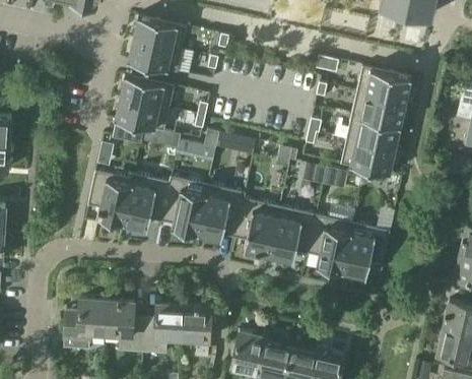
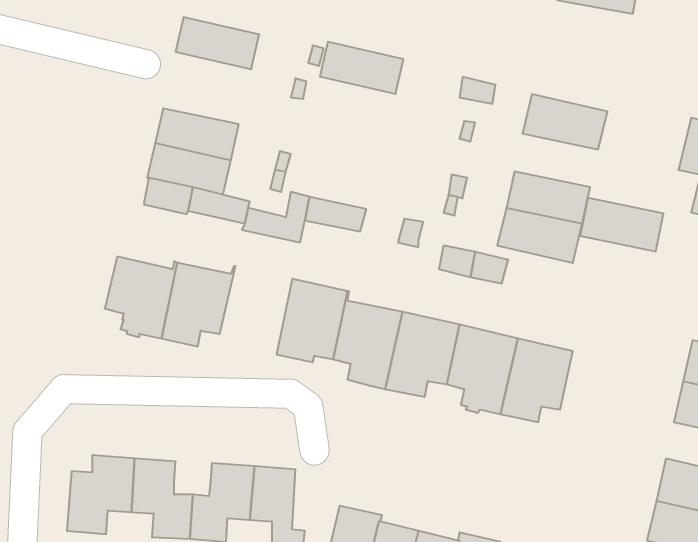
building: [128,40,182,73] -> [320,42,403,94]
building: [351,92,405,127] -> [580,198,664,251]
building: [161,178,208,235] -> none

